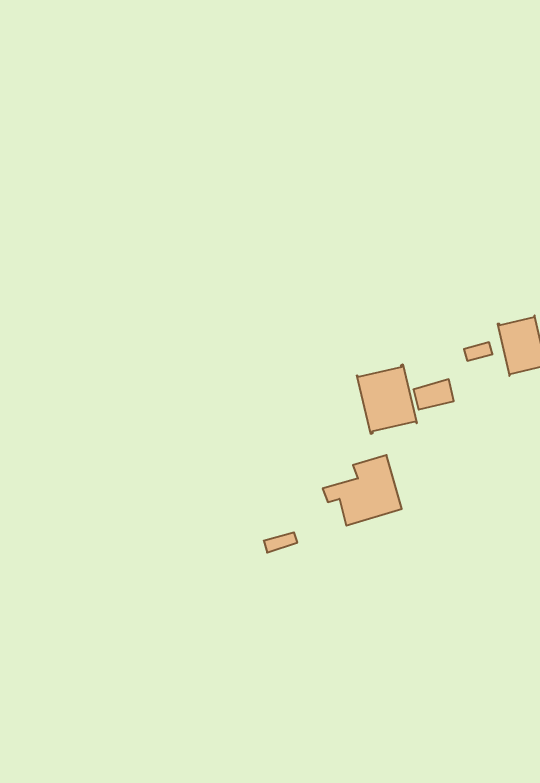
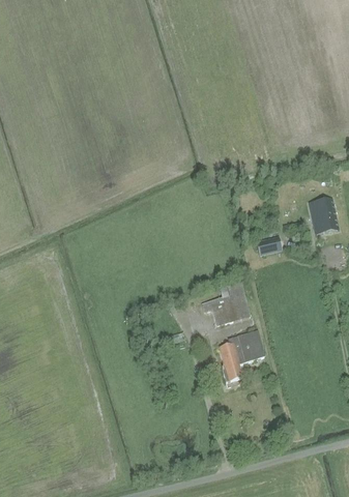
building: [357,364,417,434] -> none
building: none -> [219,331,264,381]

